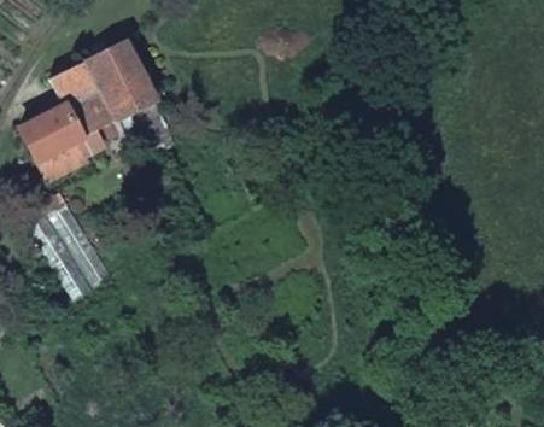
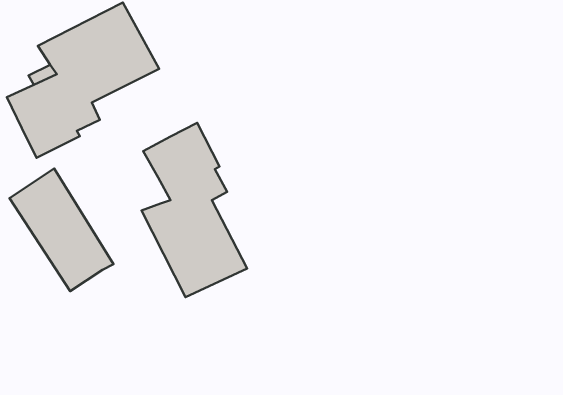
building: none -> [141,123,247,297]

